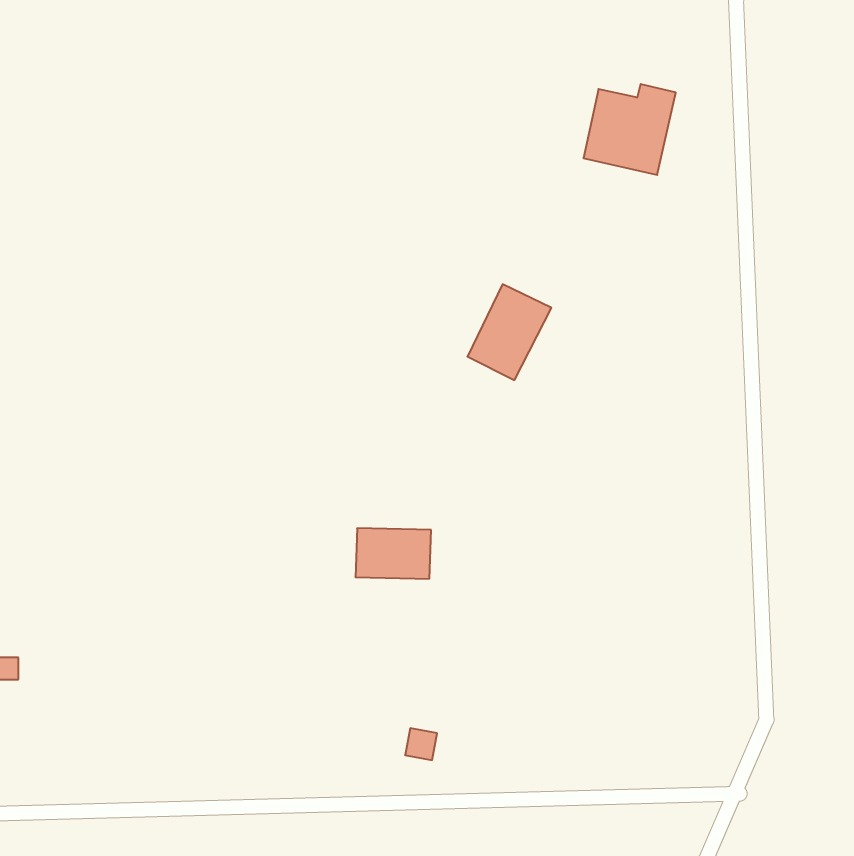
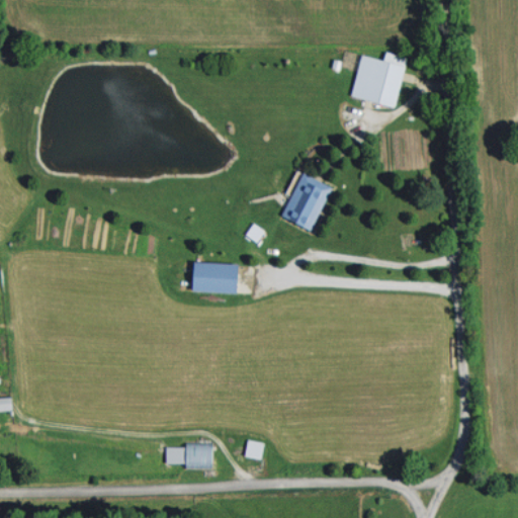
building: [355,528,431,579] -> [193,263,239,293]
building: none -> [166,443,212,469]

